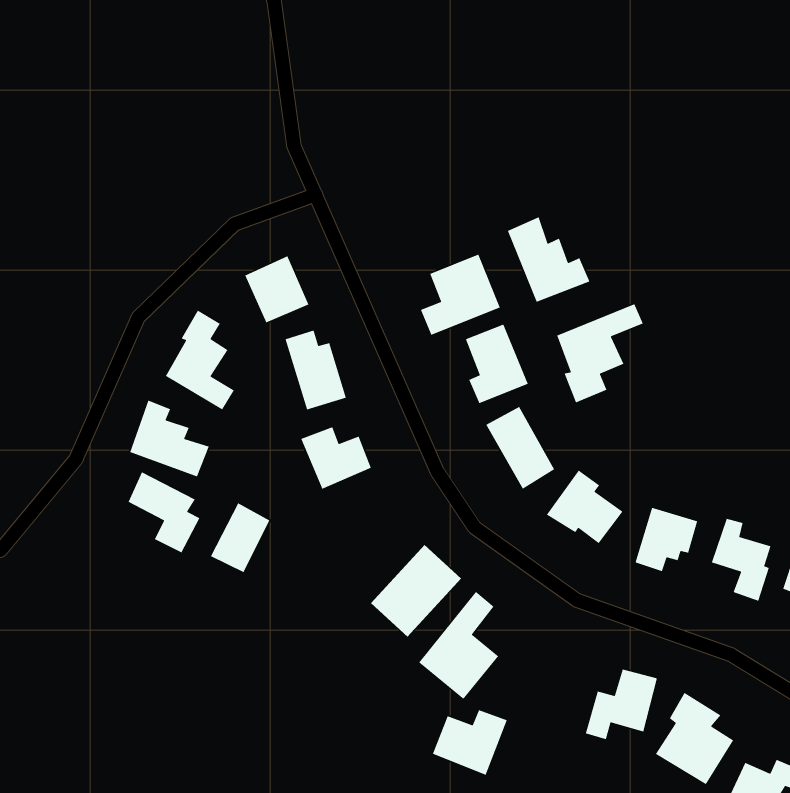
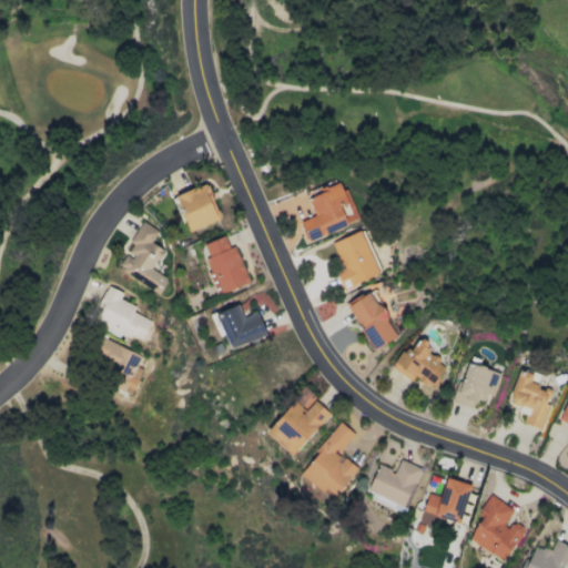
building: [507,216,591,303] -> none
building: [556,303,644,403] -> none
building: [210,502,270,573] -> none
building: [432,709,508,776] -> [369,460,424,508]

